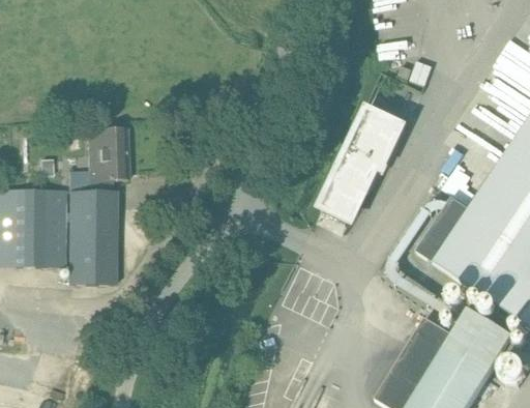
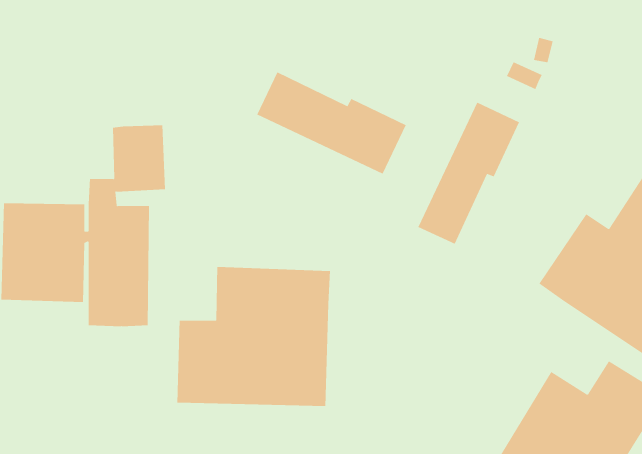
building: none -> [257,71,406,174]
building: none -> [177,266,330,407]

